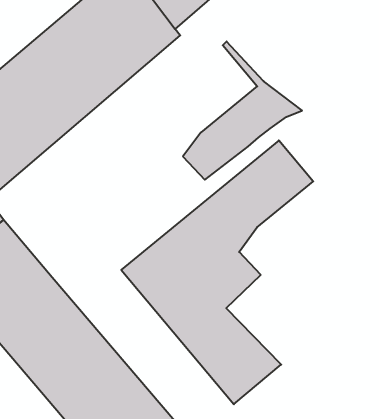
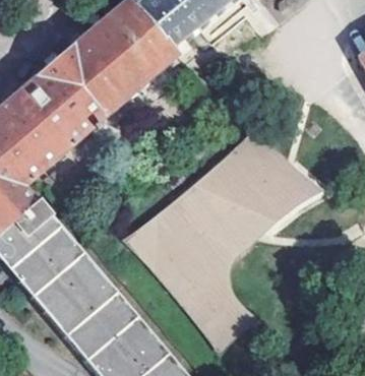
building: [183,41,302,180] -> [224,132,318,242]

